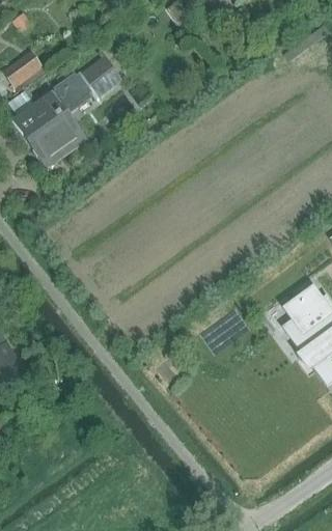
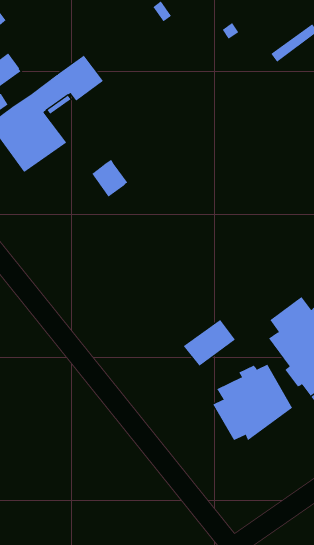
building: none -> [91,159,128,197]
building: none -> [213,364,293,441]

